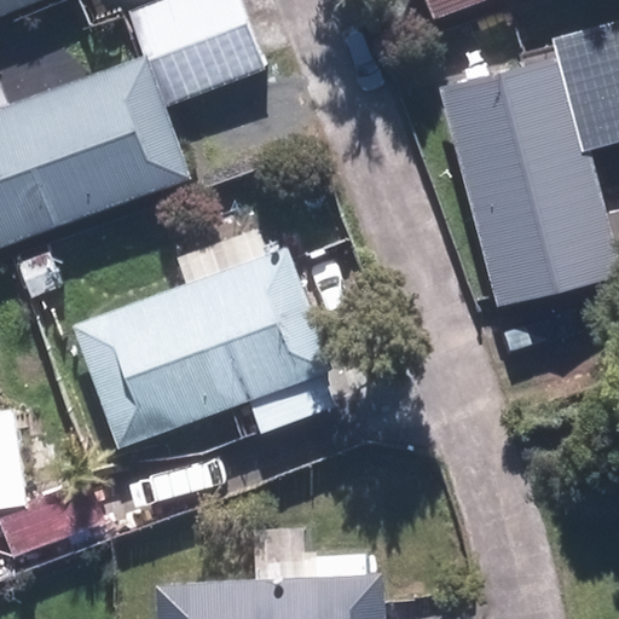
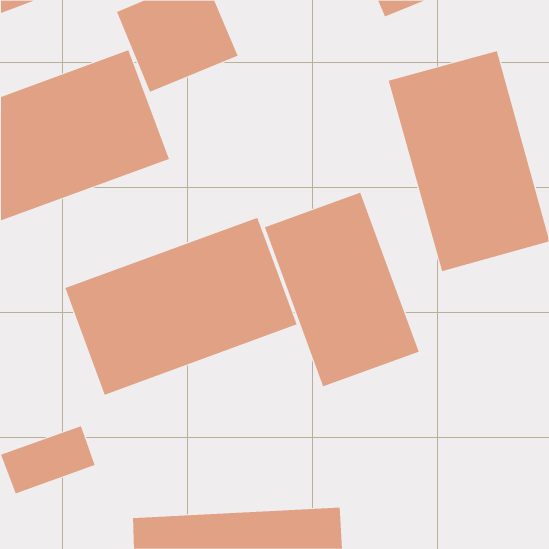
building: none -> [264,192,419,387]

